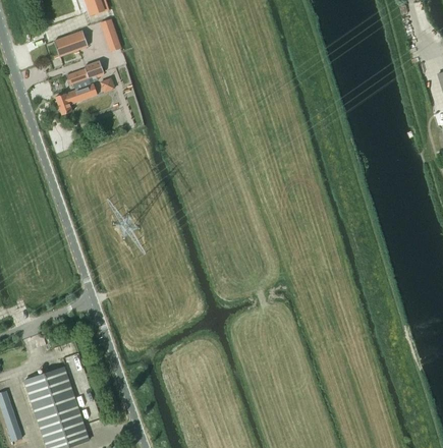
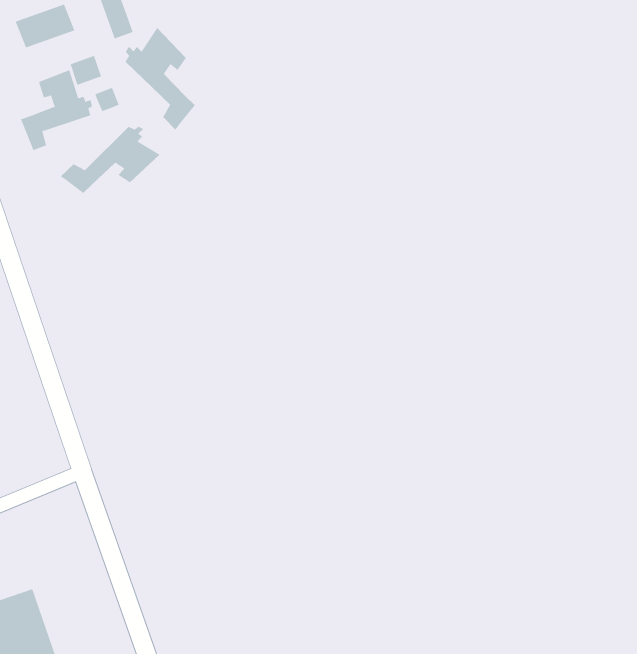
building: none -> [125,27,196,131]
building: none -> [60,126,161,194]

